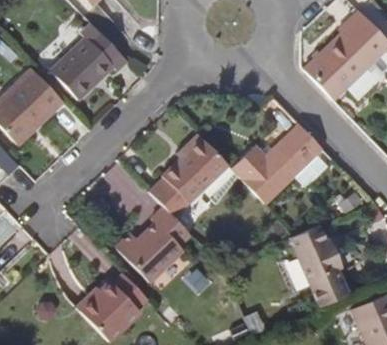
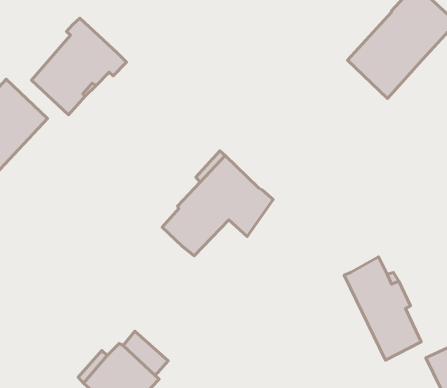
building: [230,122,321,203] -> none
building: [117,208,190,282] -> none

